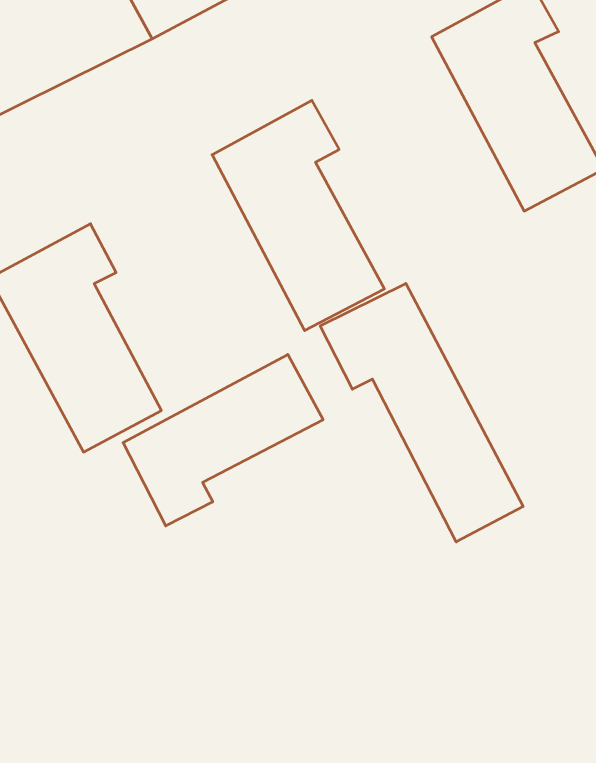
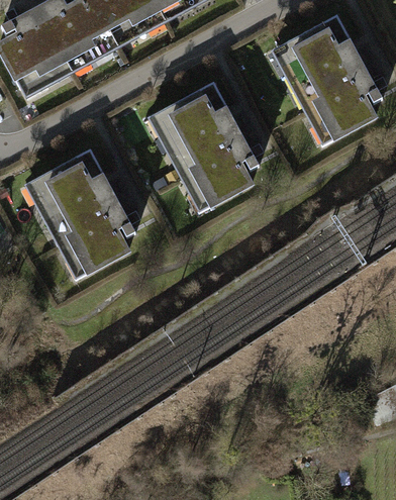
building: [320,283,523,542] -> none
building: [123,354,323,526] -> none

